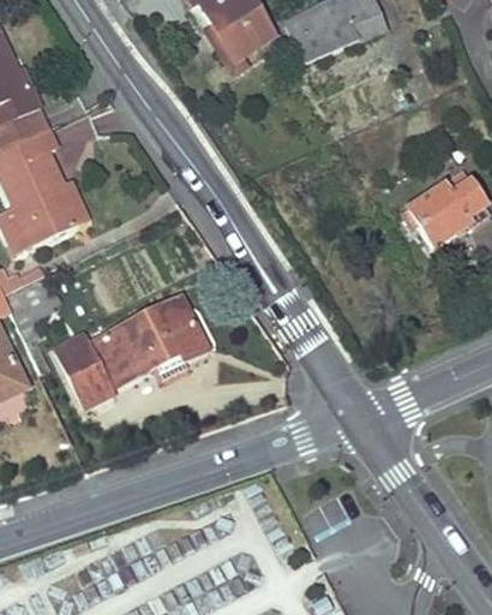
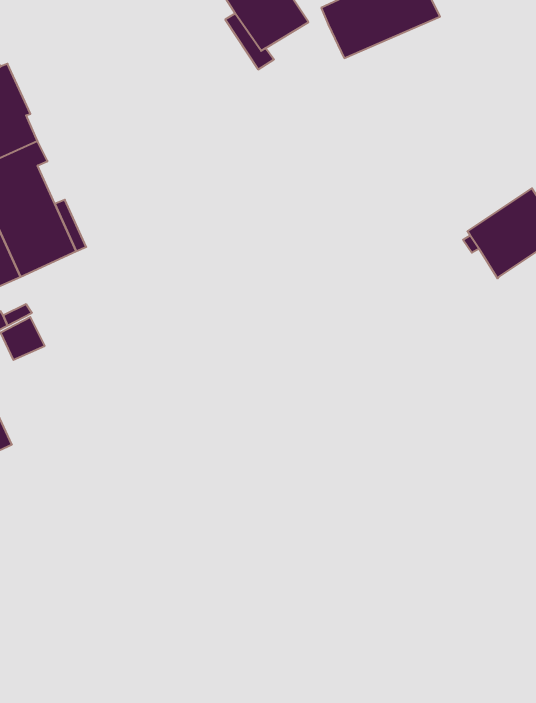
building: [56,298,205,405] -> none

